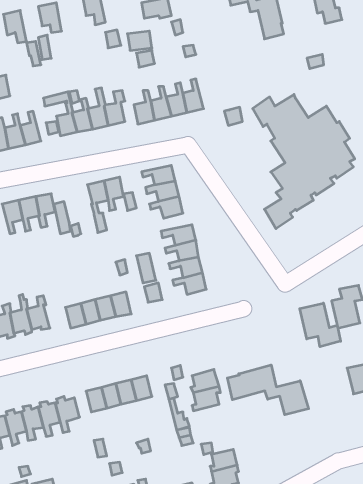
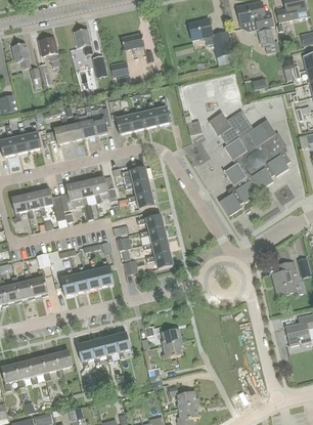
building: none -> [59,181,83,211]
building: [300,303,341,347] -> none
building: [227,365,309,415] -> none

